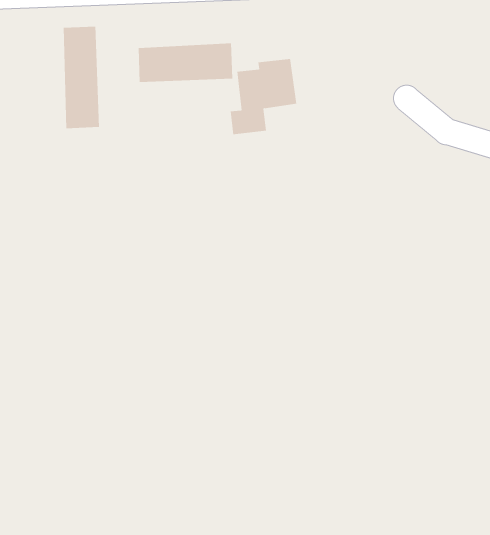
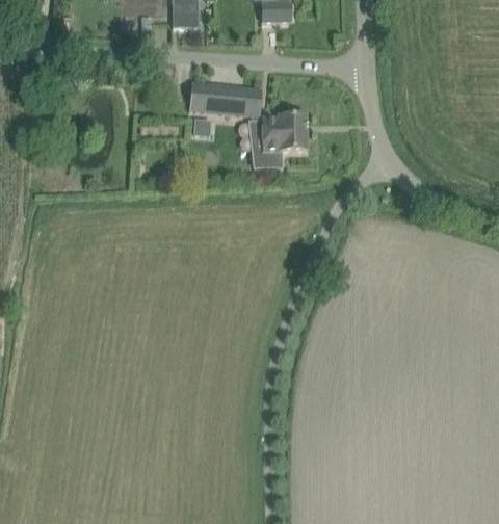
building: [63,26,100,129] -> none

